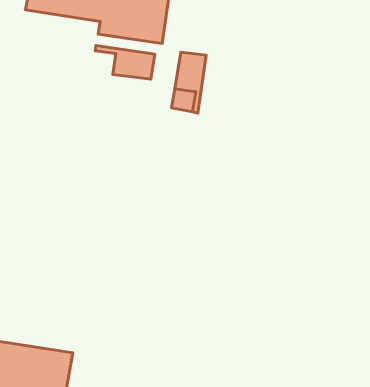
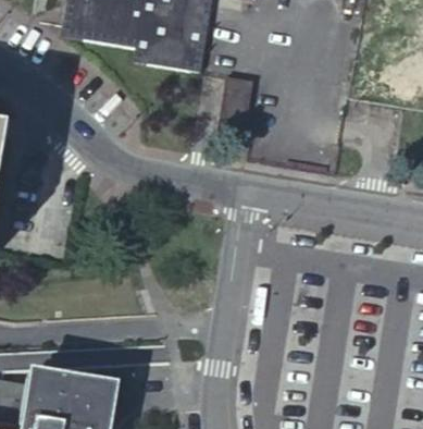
building: [95,45,155,79] -> none

